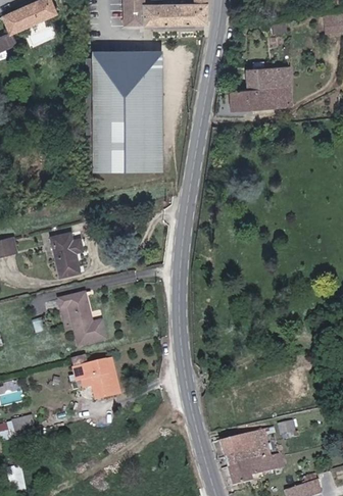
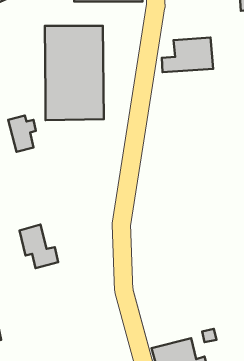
building: [51,233,85,277] -> [8,116,36,152]
building: [75,358,119,398] -> none

